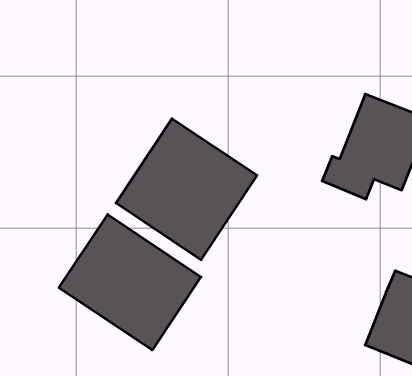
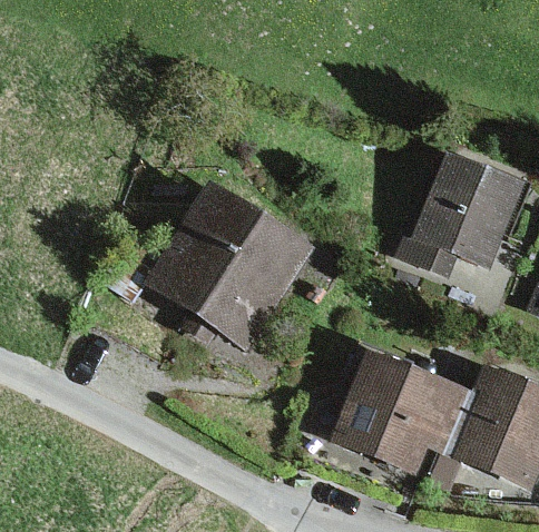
building: [59,214,201,350] -> none
building: none -> [331,348,472,475]

